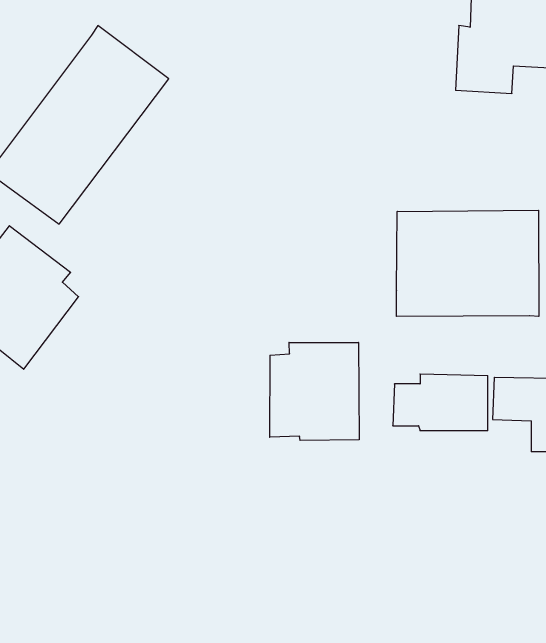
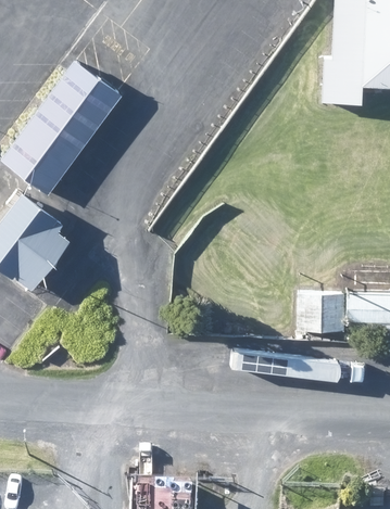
building: [396,210,539,316] -> none
building: [270,342,359,440] -> none

